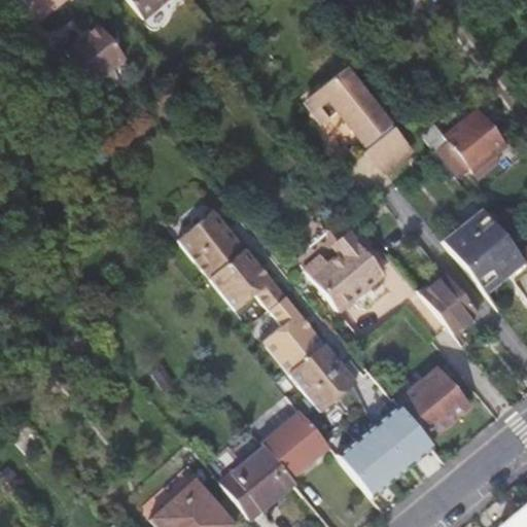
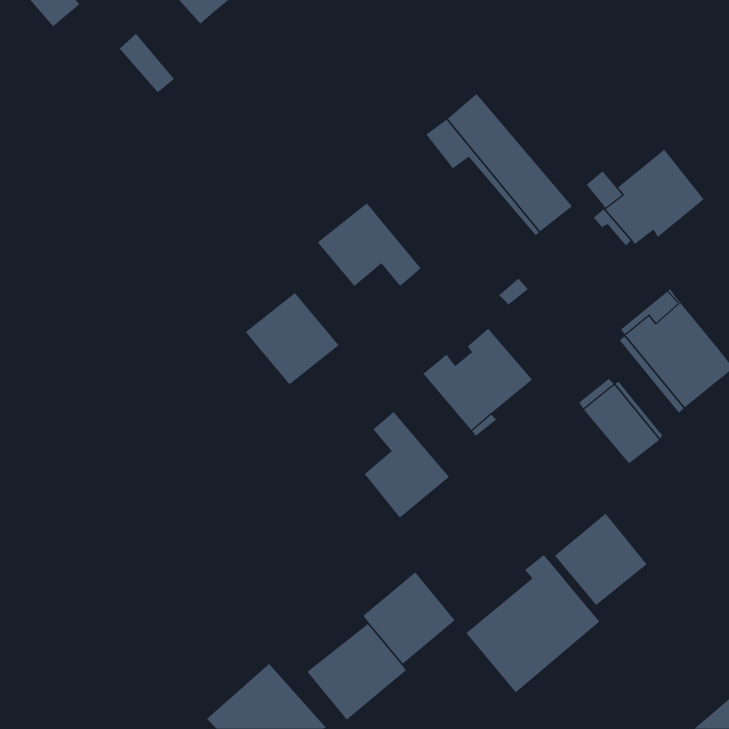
building: [67,35,115,84] -> none
building: [210,248,285,309] -> [317,202,421,287]
building: [289,343,357,412] -> none

